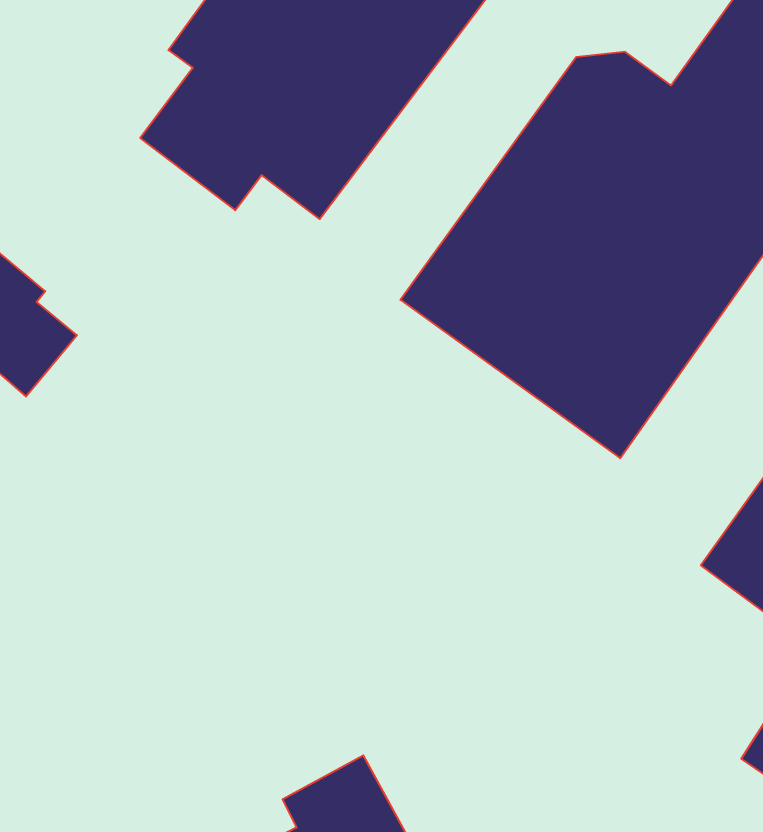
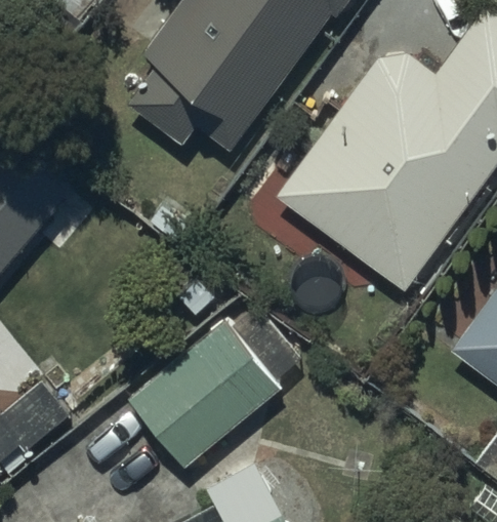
building: none -> [130,321,281,467]

